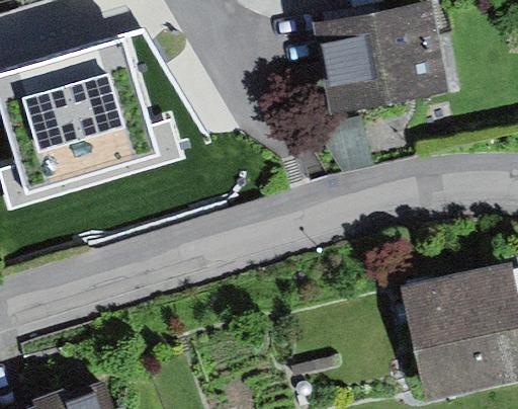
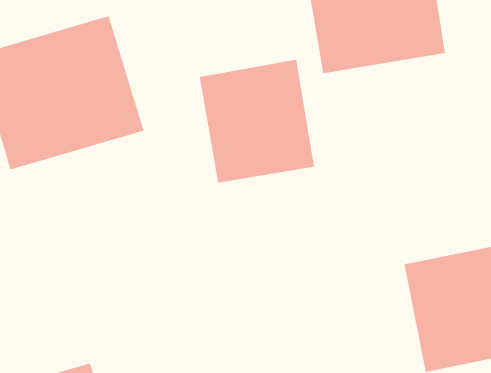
building: none -> [199,59,315,183]

